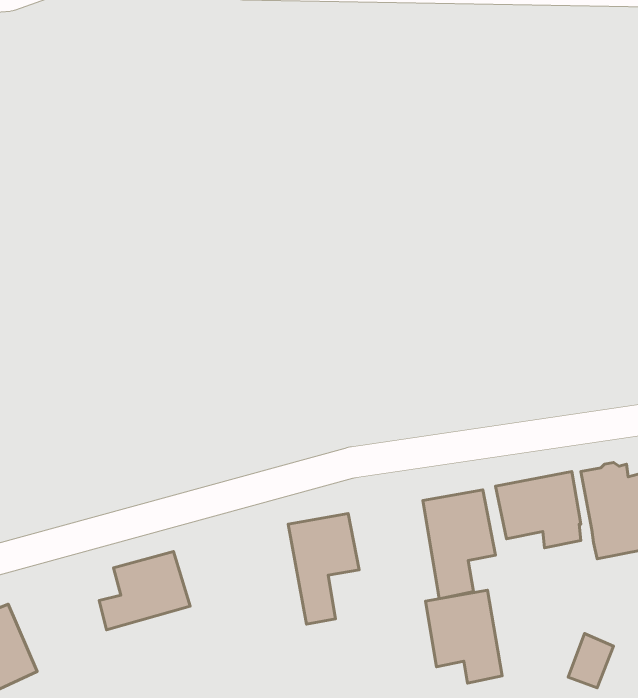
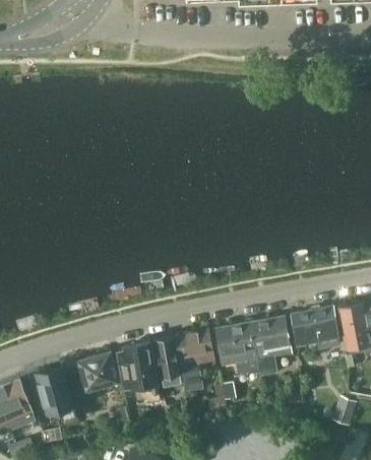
building: none -> [154,336,181,387]
building: none -> [118,342,161,400]
building: none -> [35,364,76,415]
building: [426,590,502,683] -> [215,322,258,374]

